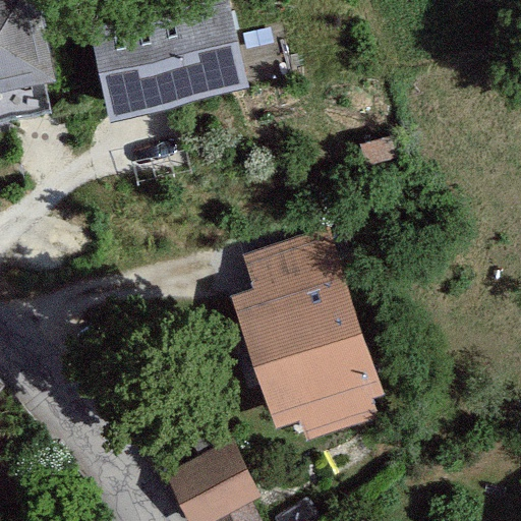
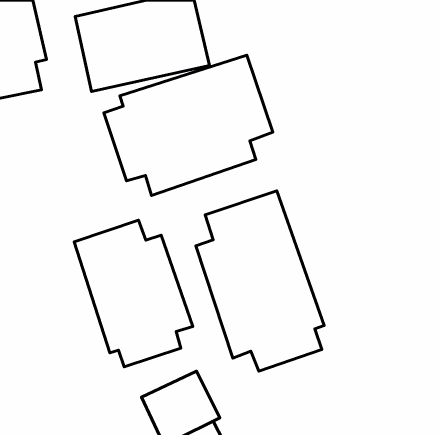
building: none -> [104,55,273,195]
building: none -> [74,220,193,367]

